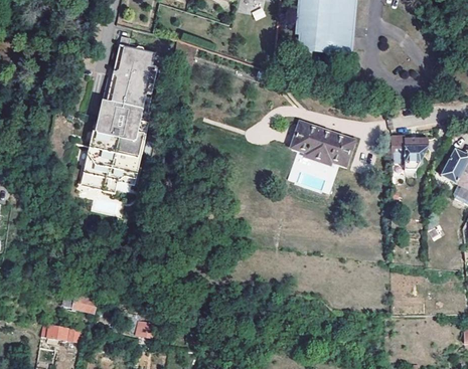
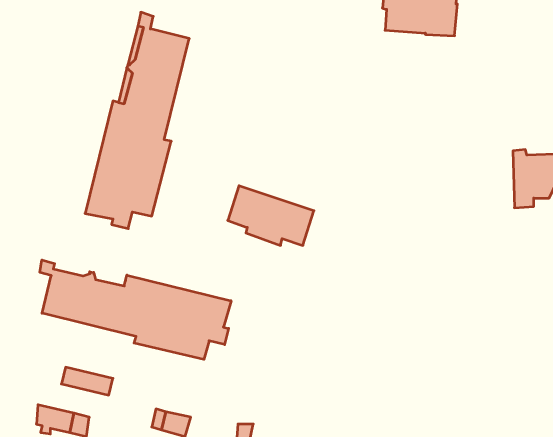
building: [292,121,354,164] -> [228,186,314,245]
building: none -> [40,260,231,359]

